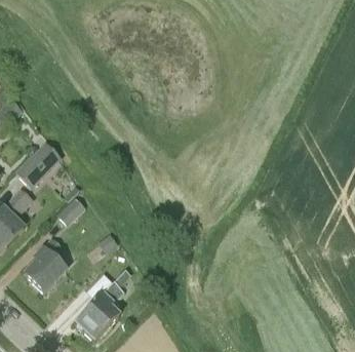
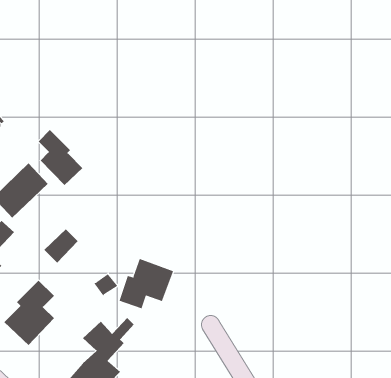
building: none -> [38,129,83,186]
building: none -> [119,258,174,309]

